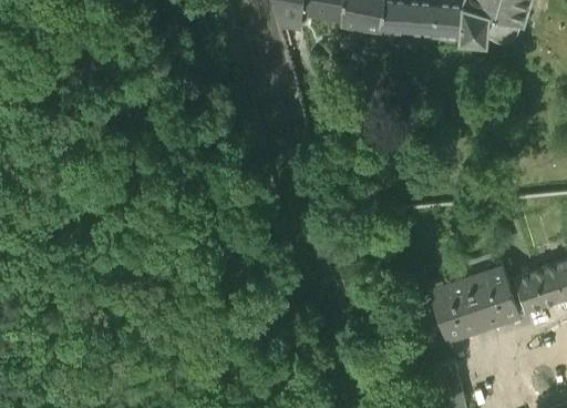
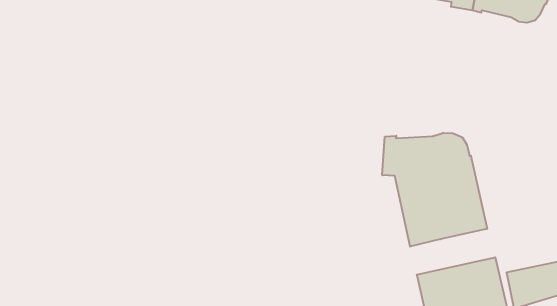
building: none -> [382,133,487,247]

